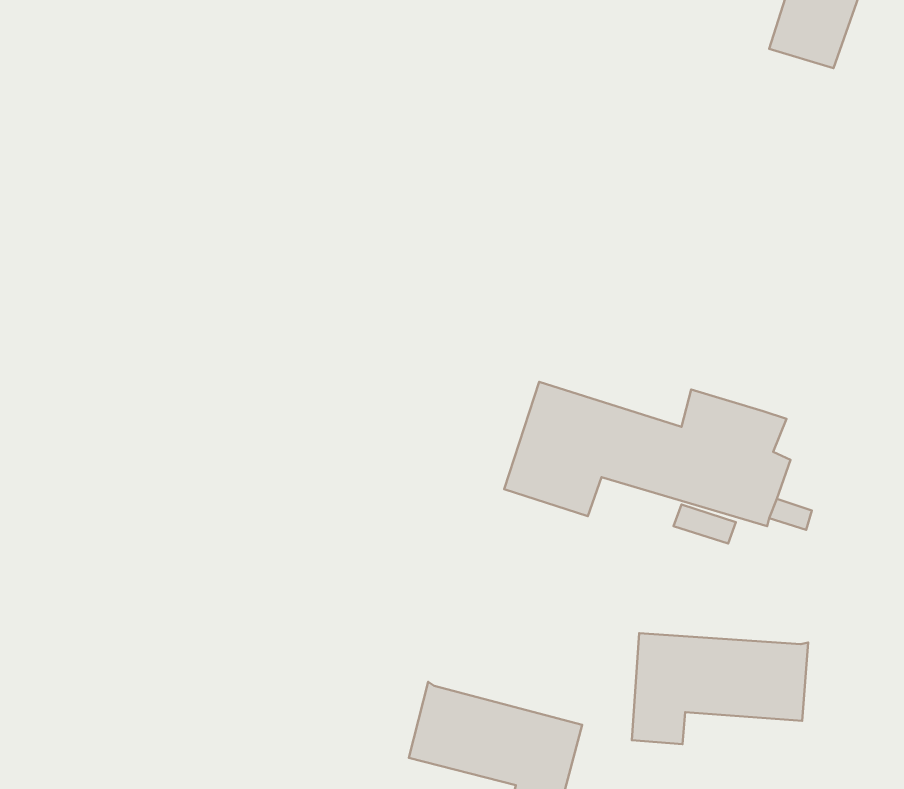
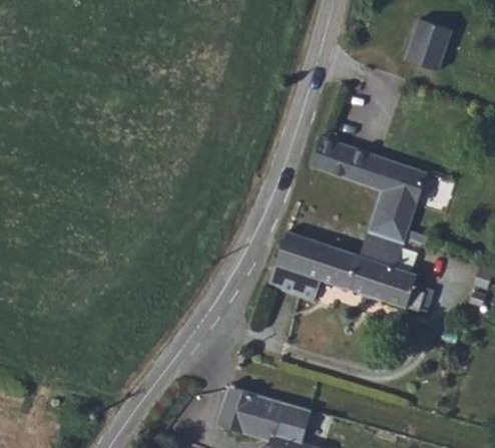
building: none -> [312,138,428,248]
building: [632,633,808,744] -> none

